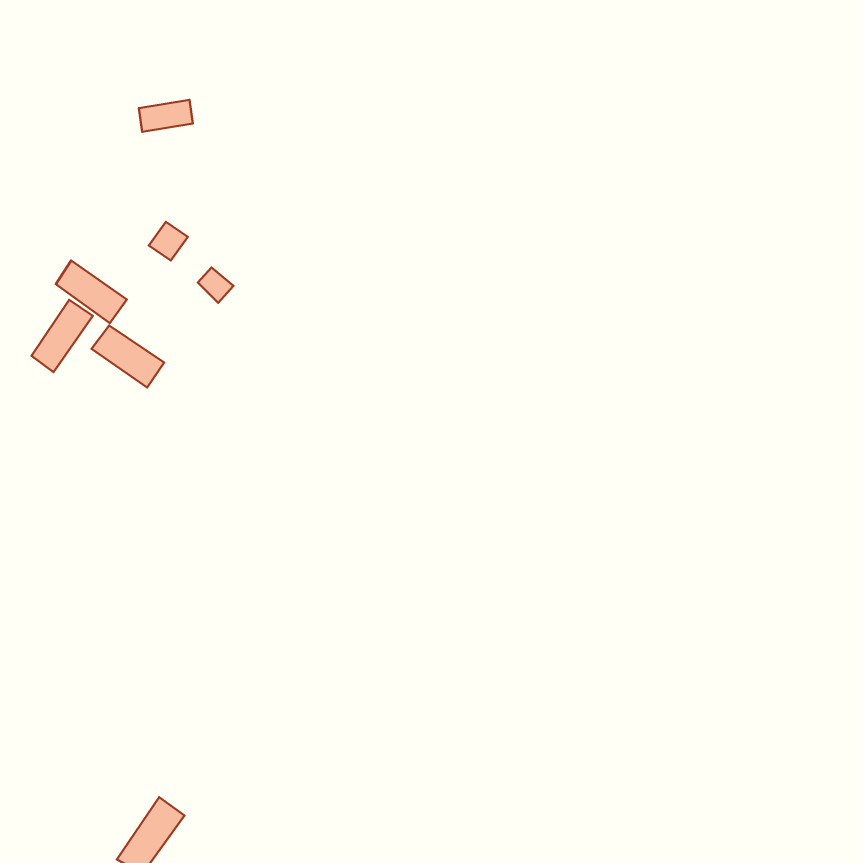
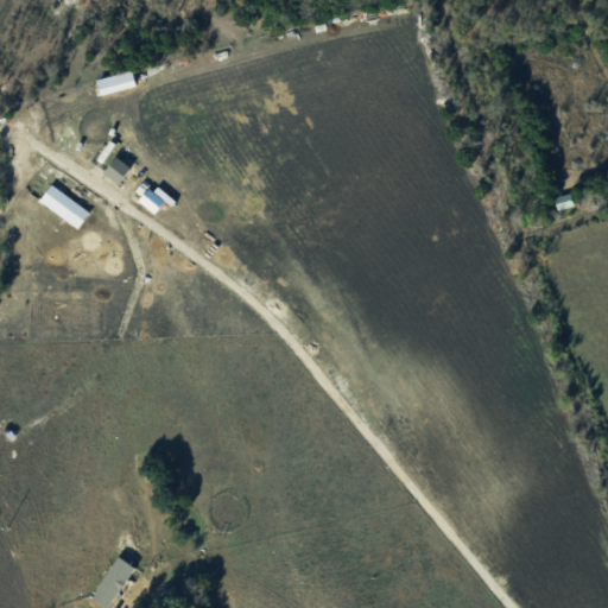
building: [32,300,93,372] -> none
building: [91,325,164,388] -> none

